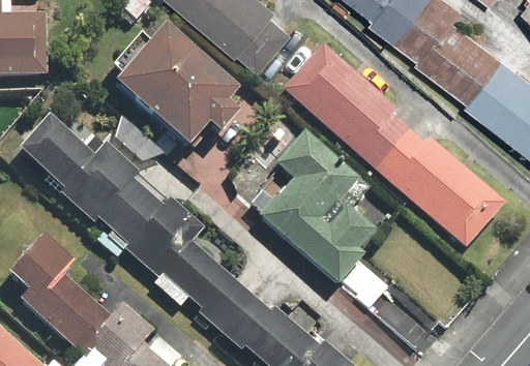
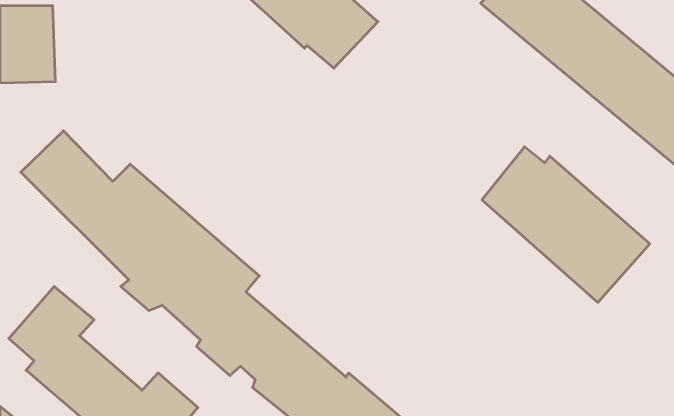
building: [115,29,239,148] -> none
building: [284,41,408,166] -> none
building: [259,128,389,304] -> none

